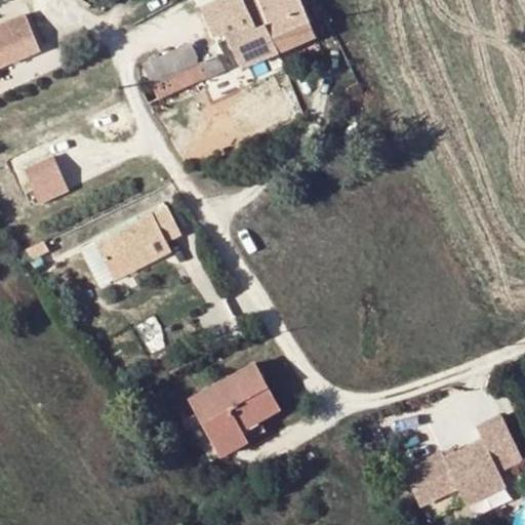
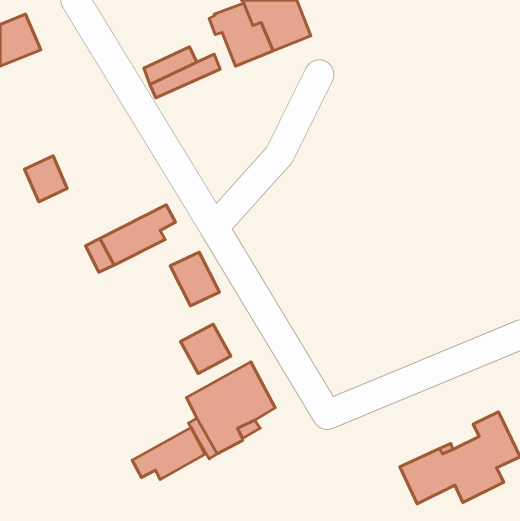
building: none -> [170,252,220,306]
building: none -> [181,324,231,374]
building: none -> [132,427,205,480]

